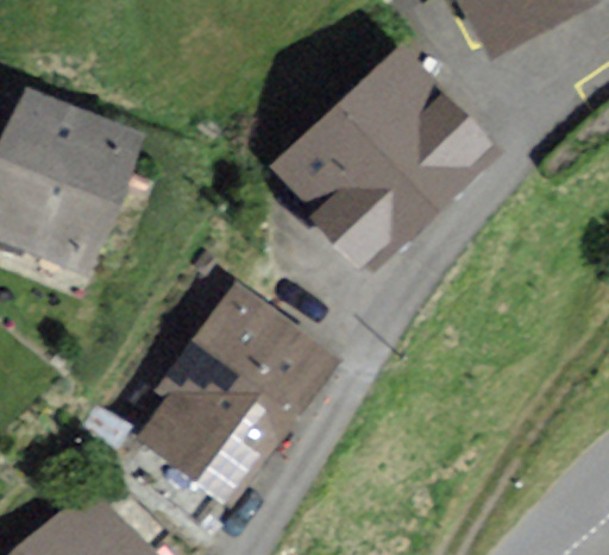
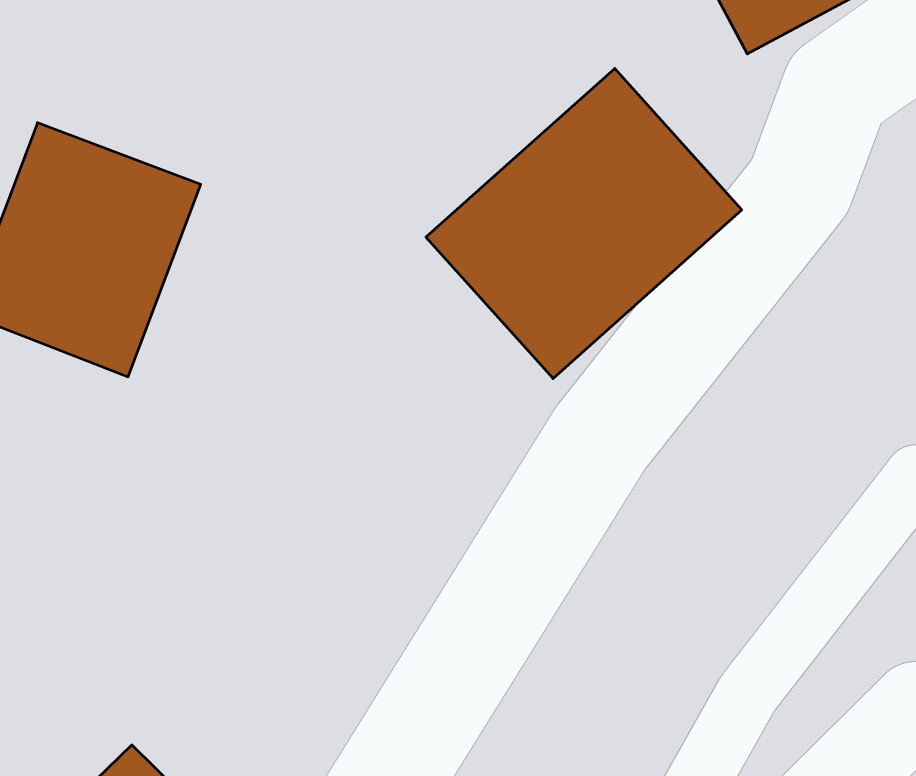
building: [145,288,328,497] -> none

